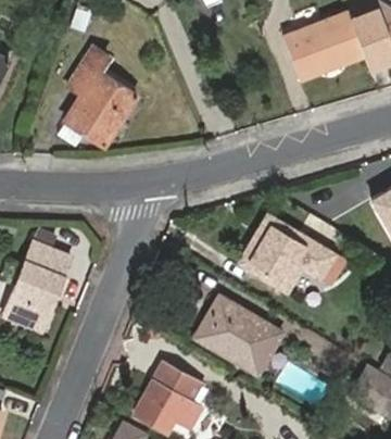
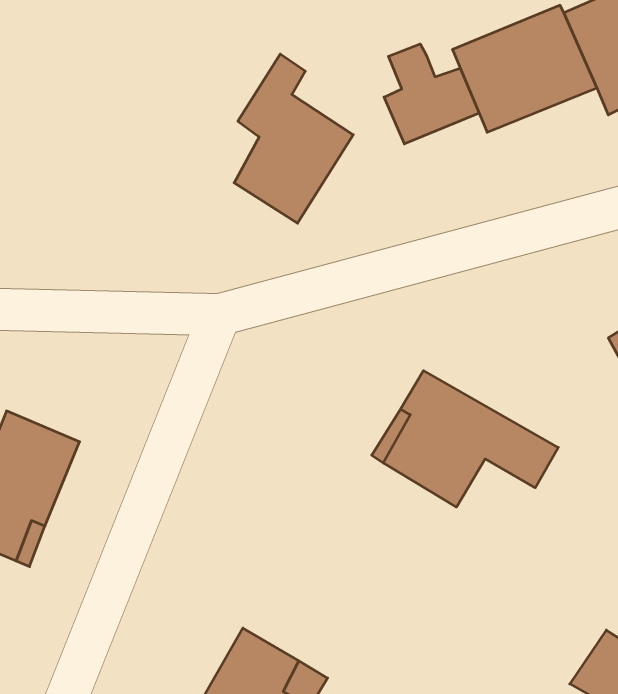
building: none -> [384,44,479,144]
building: [68,50,136,146] -> [234,54,353,223]
building: [194,298,280,373] -> none

